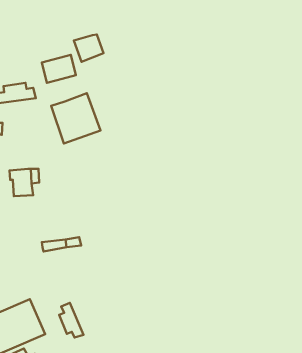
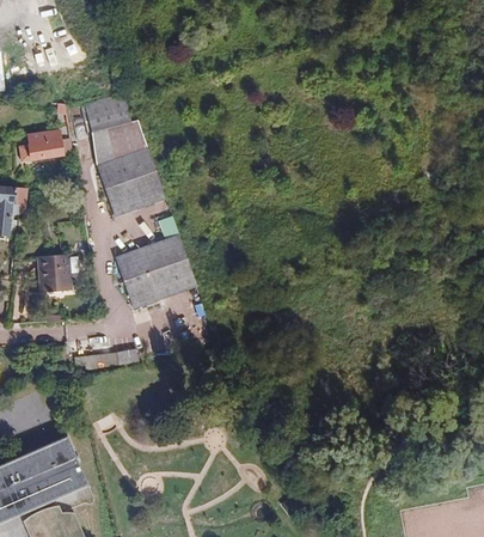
building: [74,34,104,62] -> [104,121,146,159]
building: none -> [115,218,196,309]
building: [59,303,84,338] -> none

